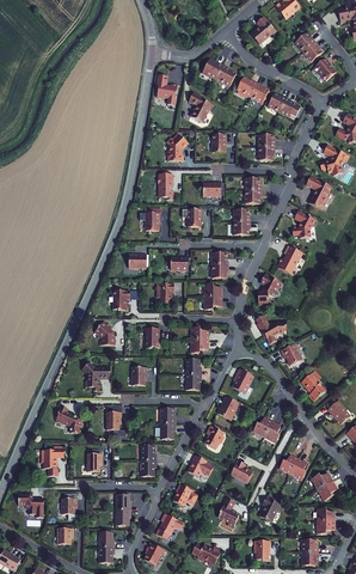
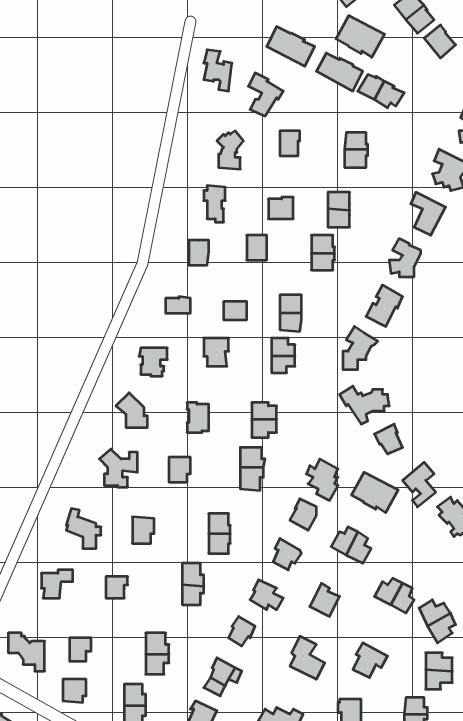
building: none -> [336,16,384,57]
building: none -> [352,472,398,513]

